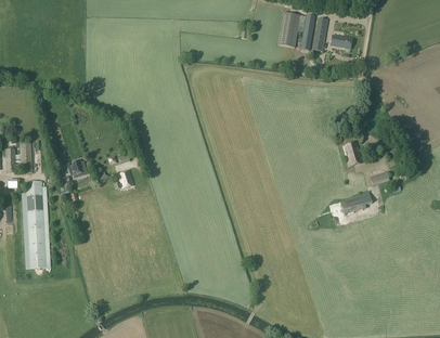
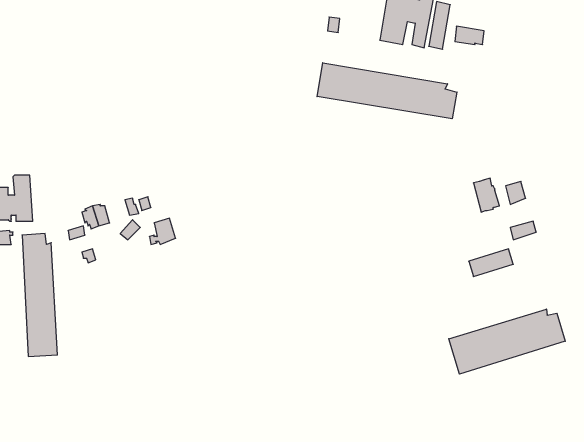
building: none -> [317,63,457,119]
building: none -> [449,309,565,374]

